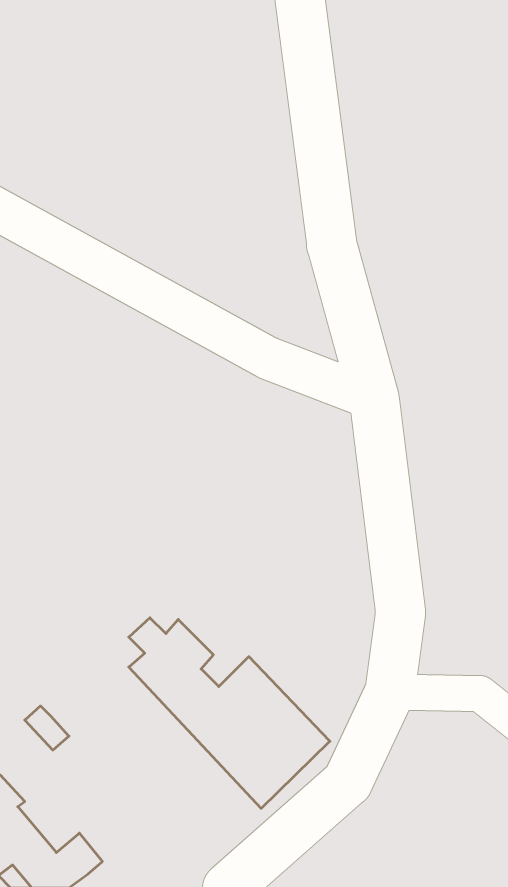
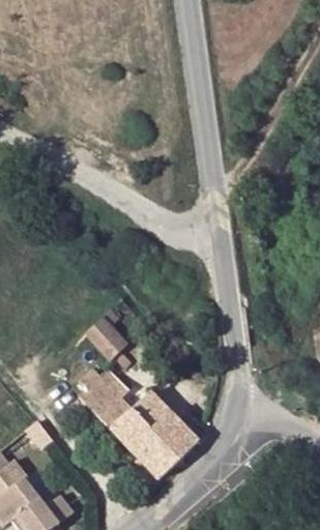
building: none -> [88,310,130,361]

